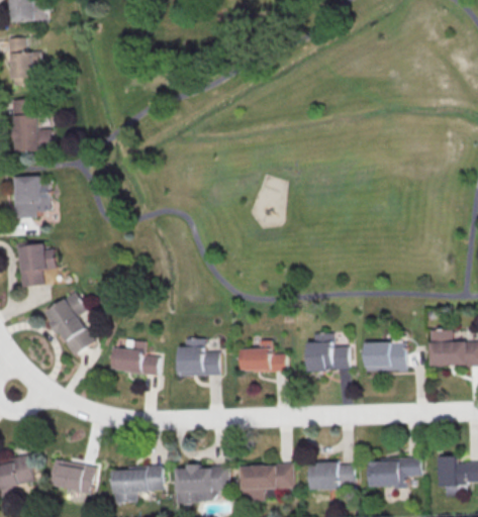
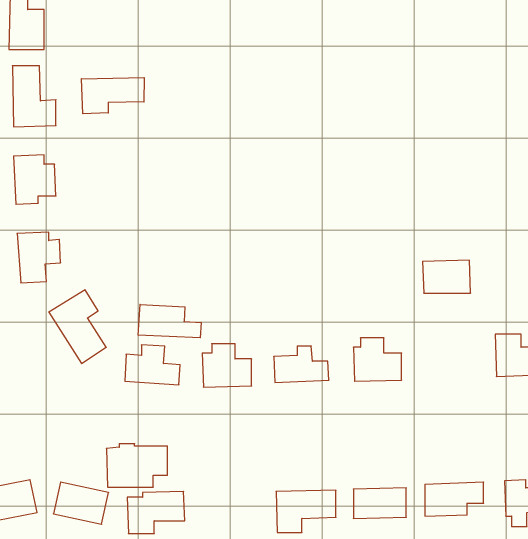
building: none -> [81,78,144,114]
building: none -> [138,304,201,338]
building: [365,342,406,371] -> [423,260,471,293]
building: [175,464,227,502] -> [106,444,167,487]

